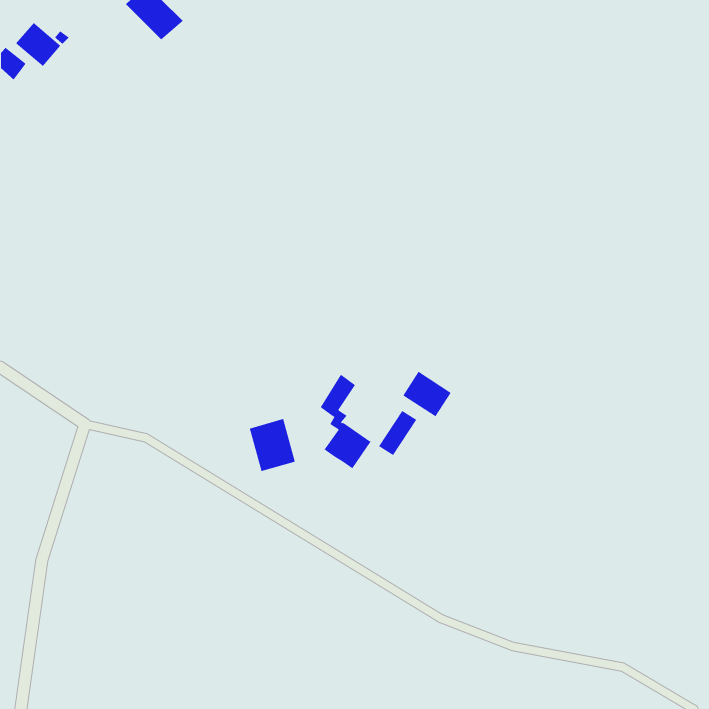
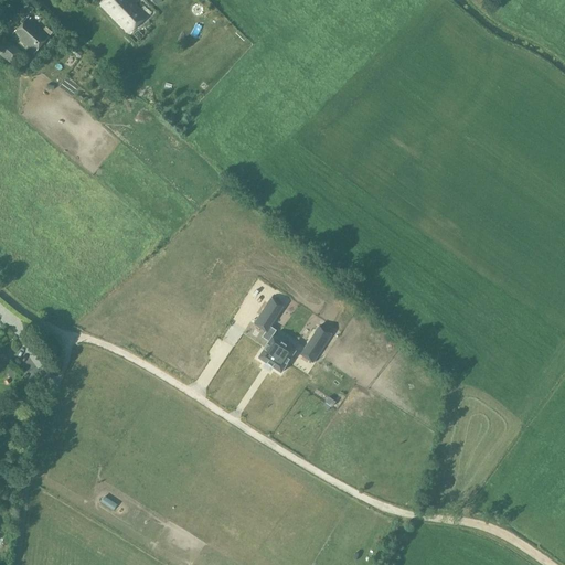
building: [402,371,451,417] -> none
building: [249,418,295,472] -> none

